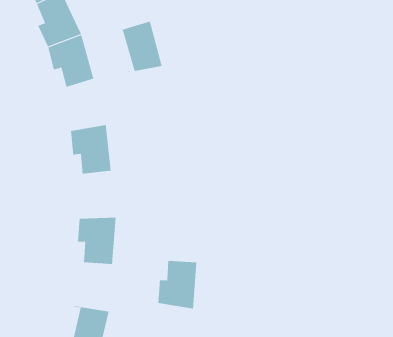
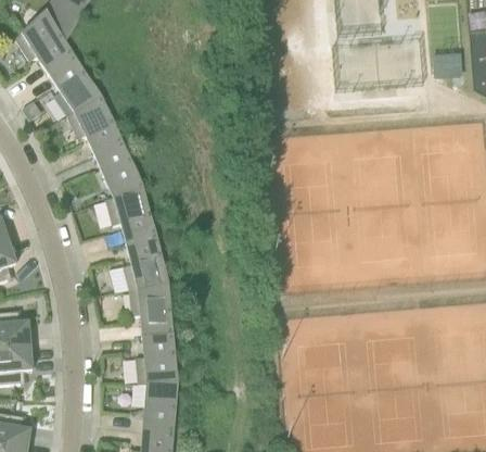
building: [122,21,163,73] -> [93,140,142,199]
building: none -> [123,234,168,289]
building: [157,260,197,309] -> [136,331,177,381]

